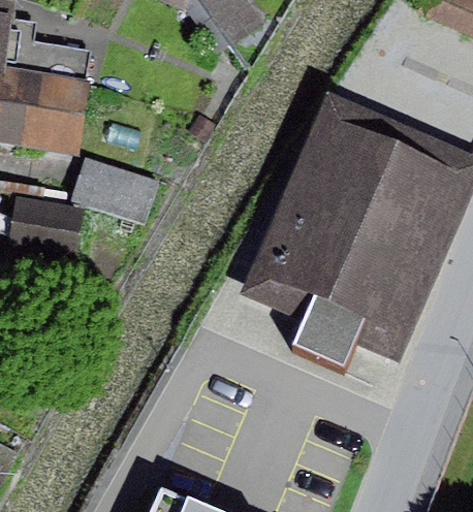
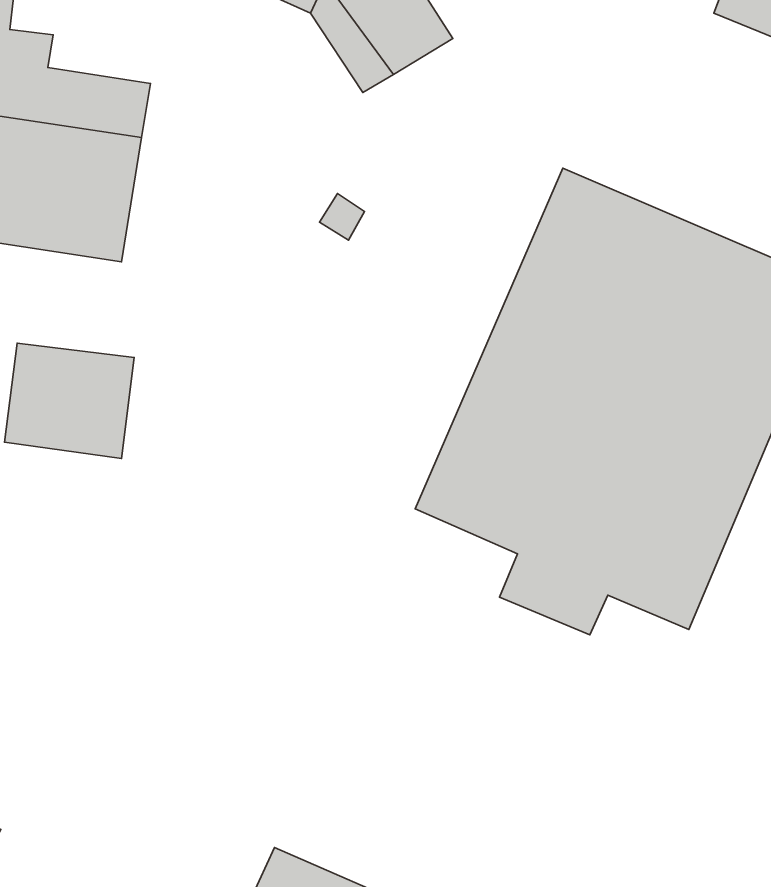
building: [69,157,155,222] -> none

